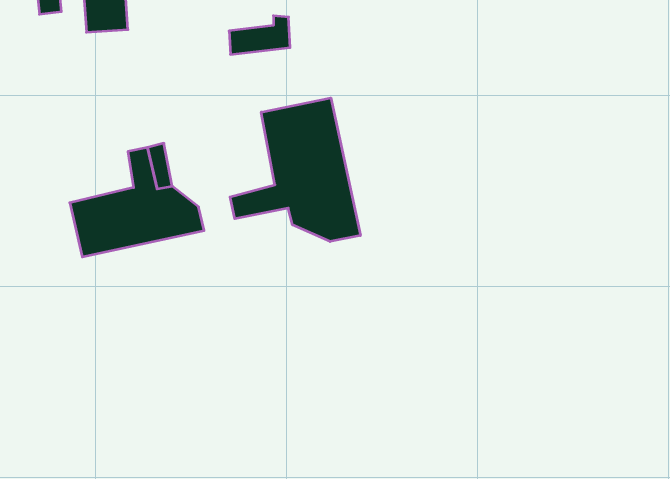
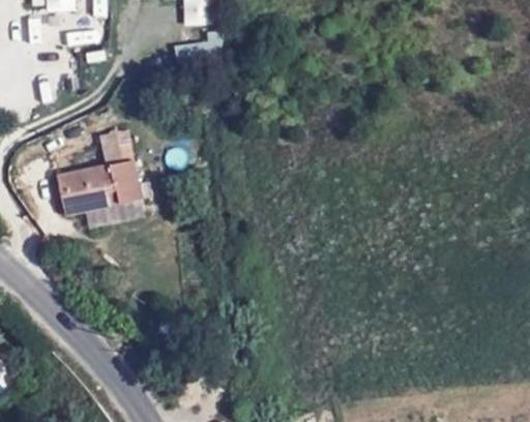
building: [230,98,360,242] -> none

